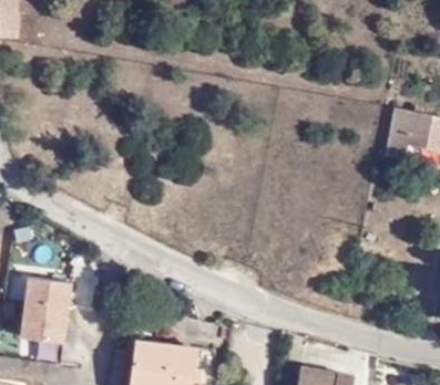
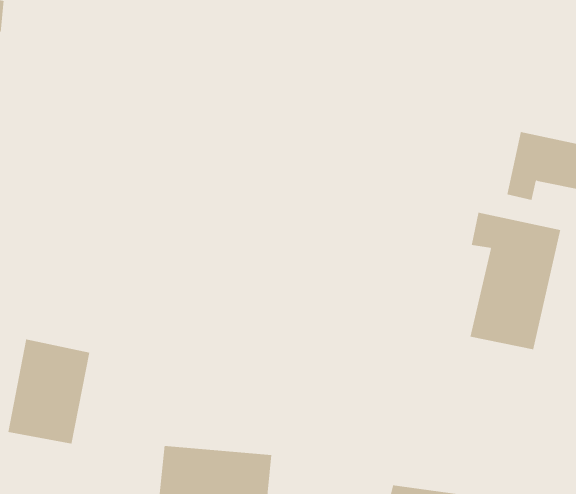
building: none -> [470,212,561,350]

